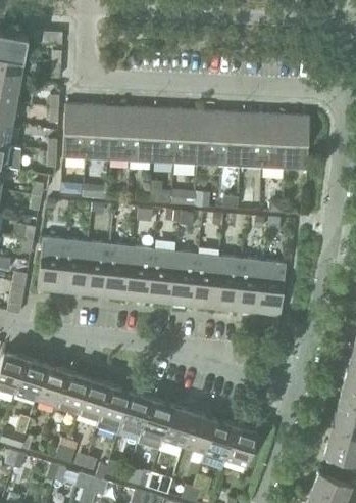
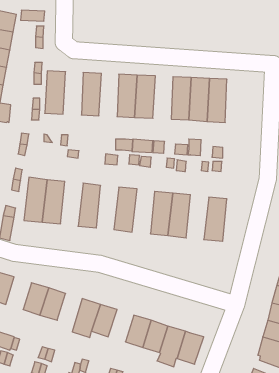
building: [86,106,110,159] -> none
building: [130,108,154,162] -> none
building: [196,111,220,165] -> none
building: [285,116,310,170] -> none
building: [83,241,110,296] -> none
building: [126,246,154,301] -> none
building: [170,250,198,306] -> none
building: [237,258,264,313] -> none
building: [15,359,47,399] -> none
building: [79,379,109,419] -> none
building: [138,399,172,449] -> none

